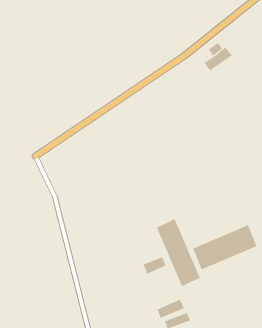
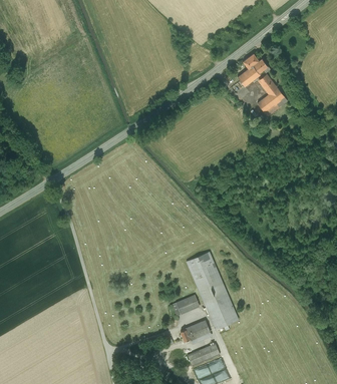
building: none -> [260,73,290,116]
building: [192,224,257,271] -> none
building: none -> [180,321,211,344]

